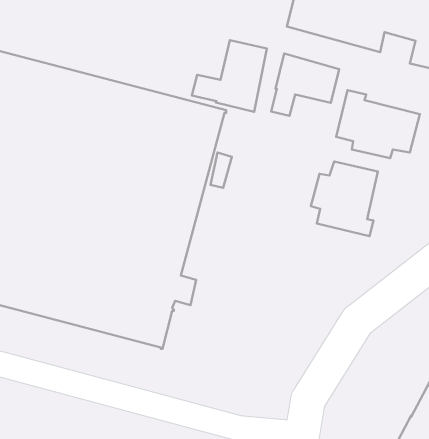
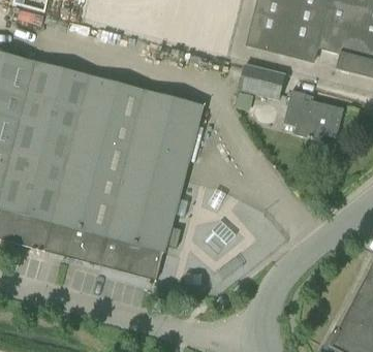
building: [192,40,267,112] -> none
building: [311,162,378,236] -> none

